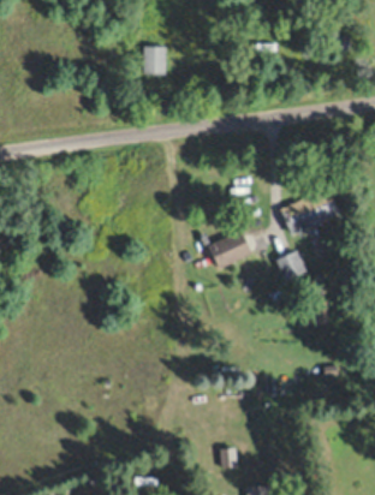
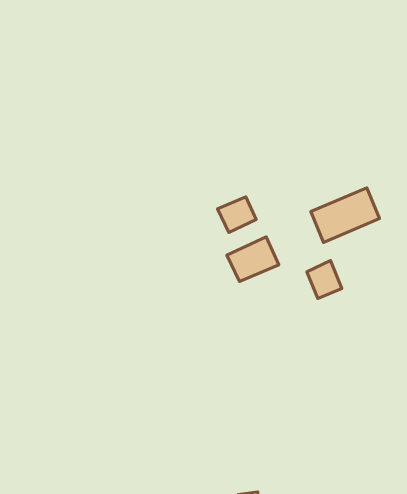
building: [143,47,167,76] -> none
building: none -> [217,197,256,232]

